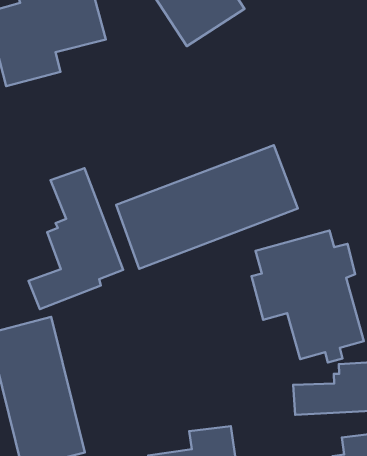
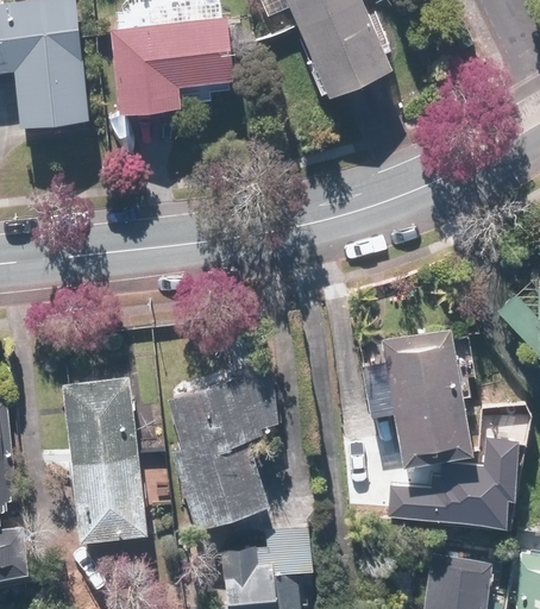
building: [116,145,298,269] -> none
building: [28,168,123,309] -> none
building: none -> [164,360,281,527]

